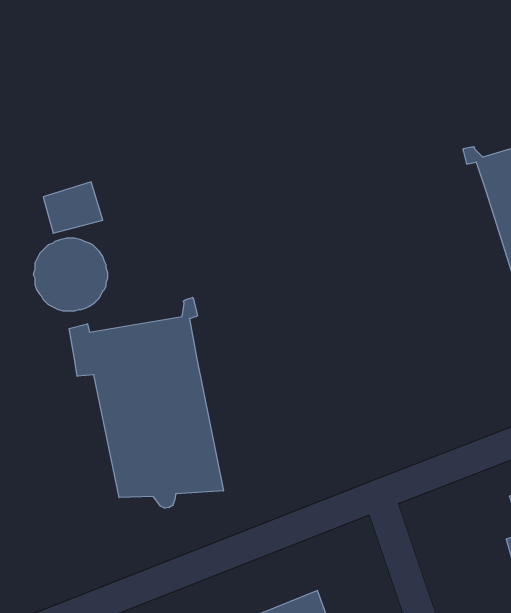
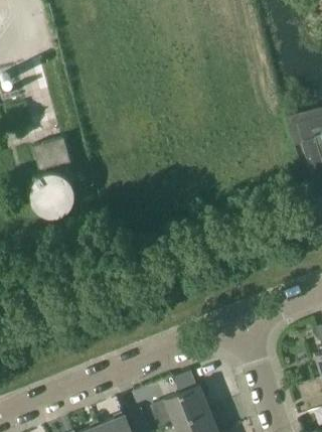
building: [69,297,223,508] -> none

